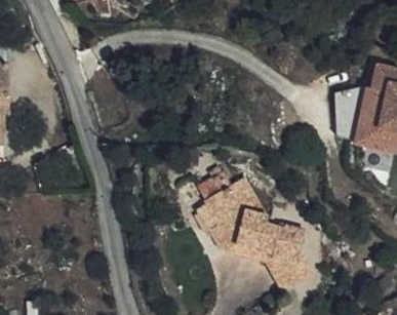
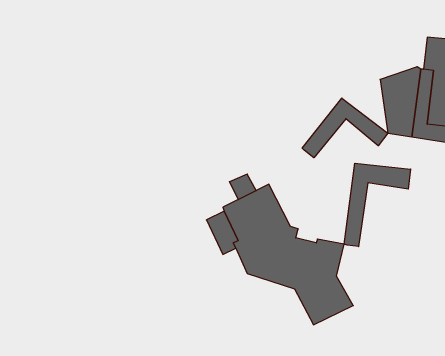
building: none -> [302,98,388,158]
building: none -> [344,163,411,247]

